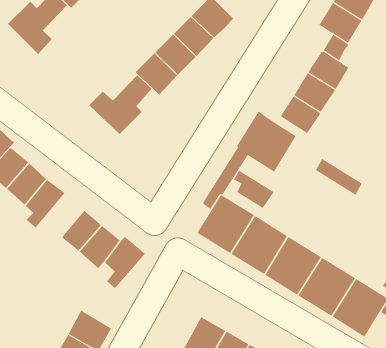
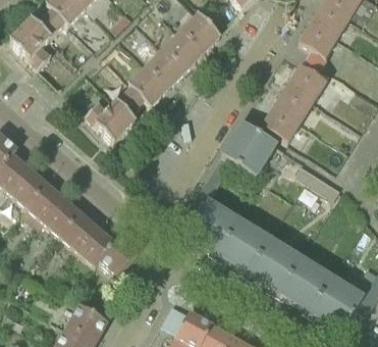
building: [233,170,275,209] -> none
building: none -> [37,196,82,237]

